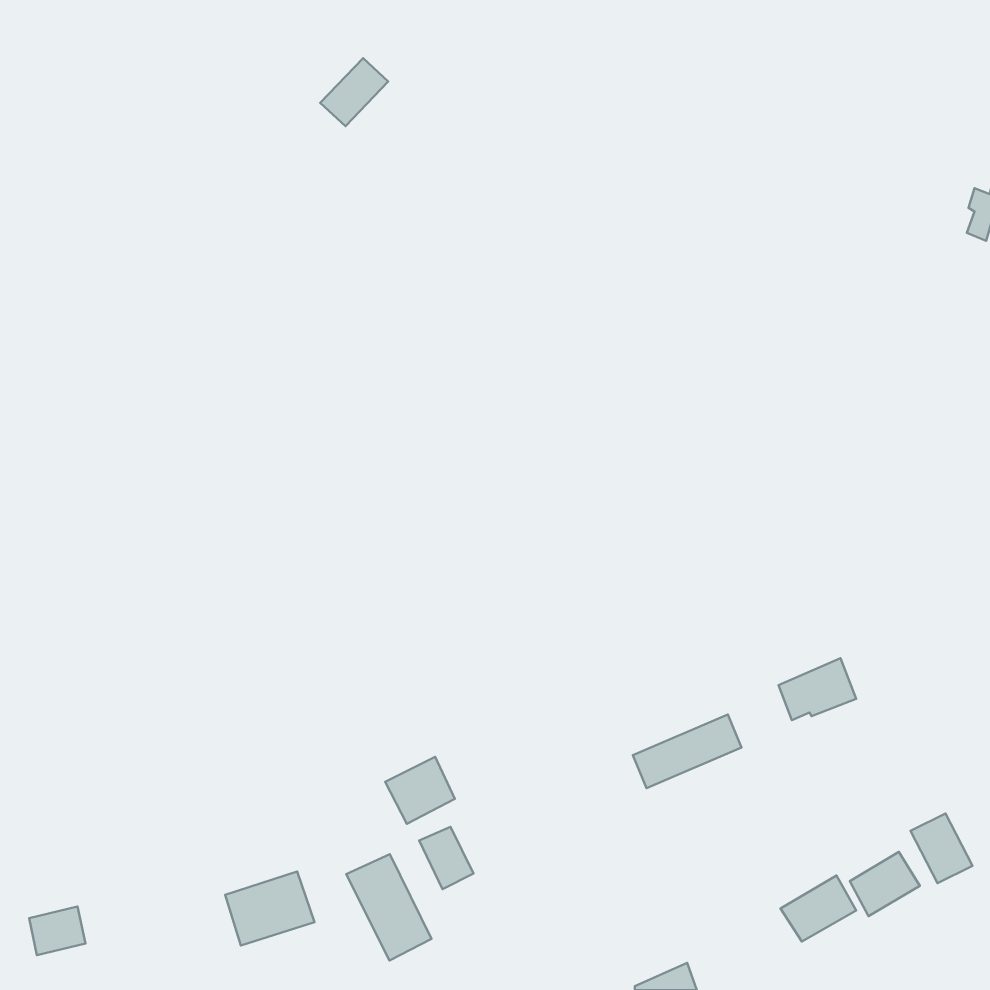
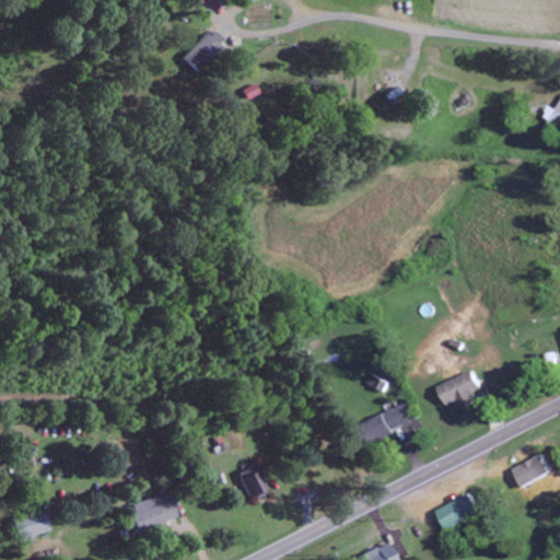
building: [385,757,455,824] -> none
building: [850,852,920,916] -> none
building: [346,854,431,960] -> none

